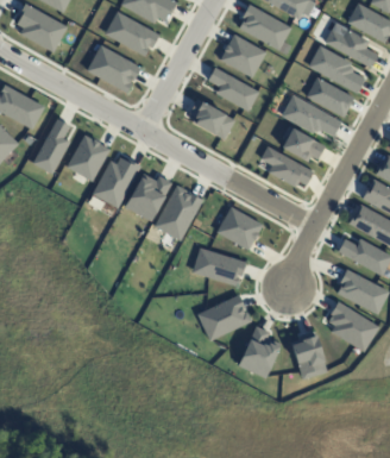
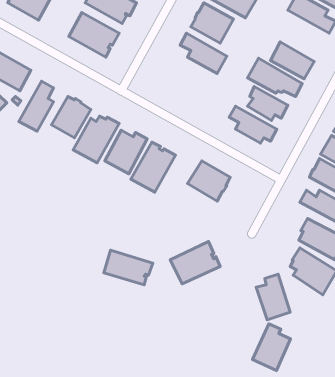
building: [308,45,365,93] -> none
building: [188,99,234,139] -> none
building: [191,247,245,286] -> [104,250,153,285]
building: [238,326,279,377] -> [253,324,291,371]

